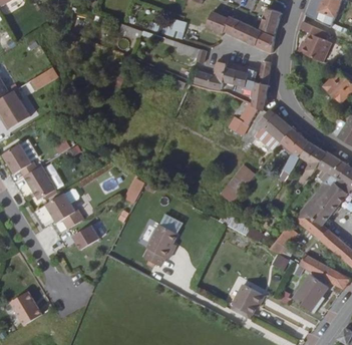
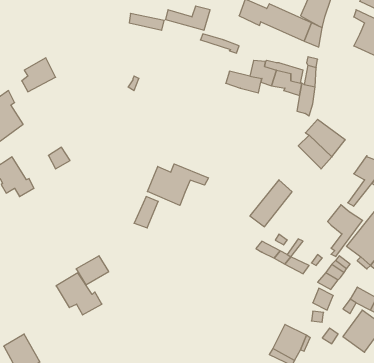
building: [231,104,261,135] -> none
building: [283,130,312,174] -> [328,205,363,257]
building: none -> [147,164,208,205]
building: [23,167,54,201] -> none
building: [44,195,82,230] -> [56,273,102,315]
building: [143,225,177,267] -> none

